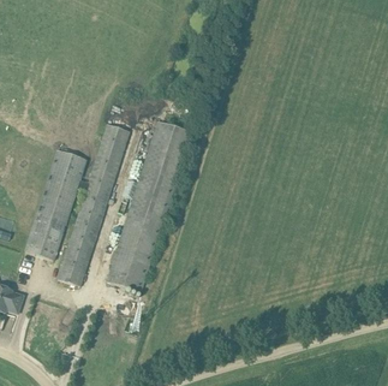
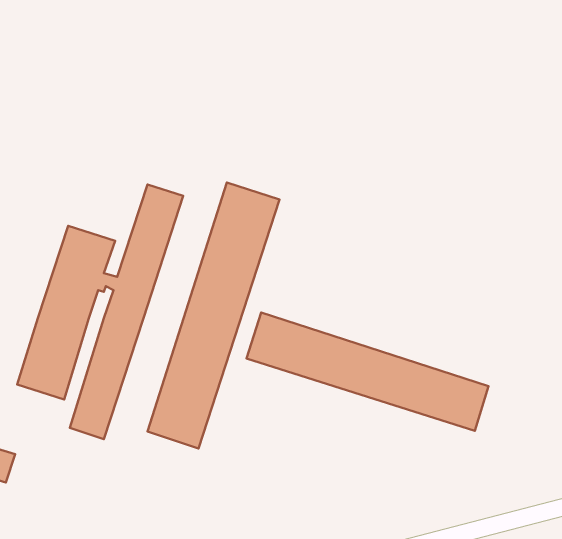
building: none -> [246,313,489,431]

